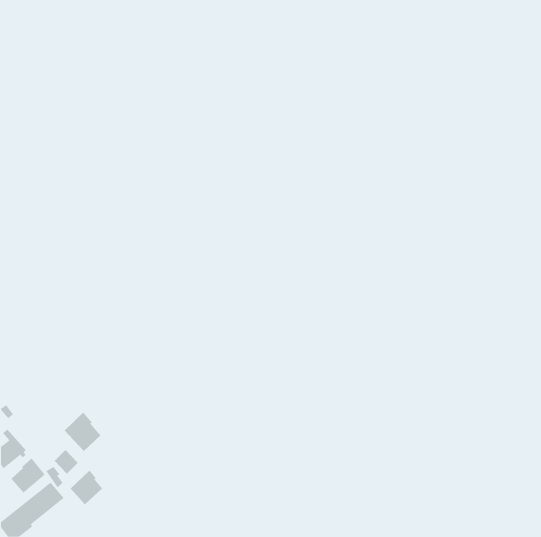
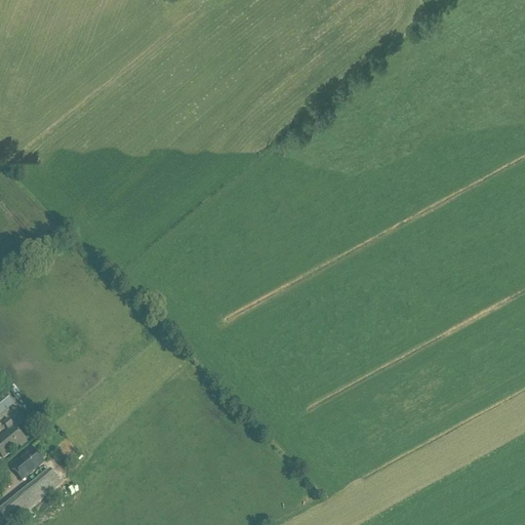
building: [64,412,101,452] -> none
building: [70,470,103,505] -> none

